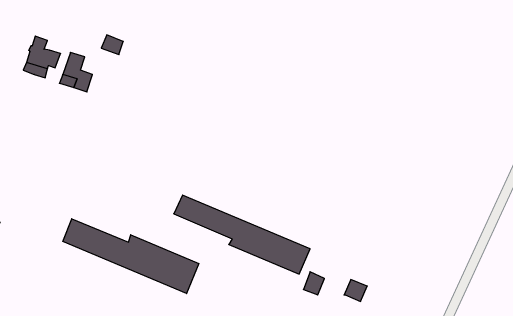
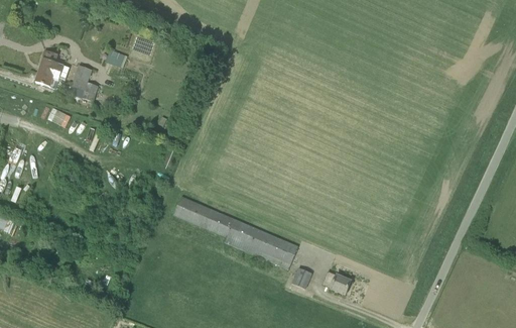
building: [63,219,199,294] -> none

